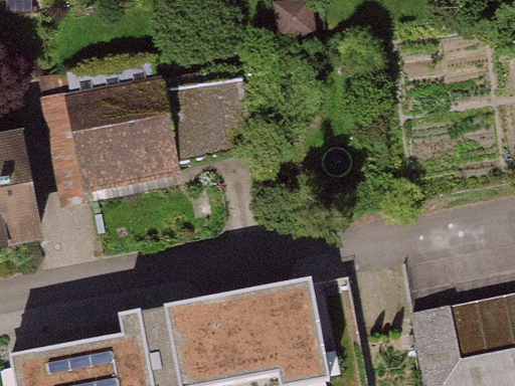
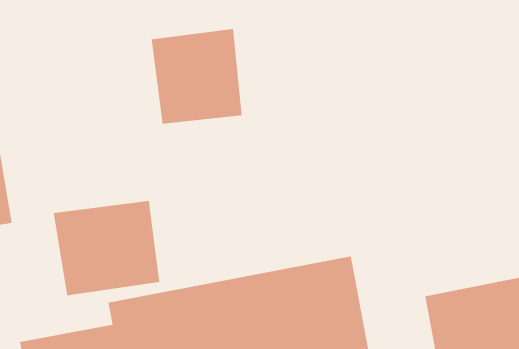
building: [39,72,169,189] -> none
building: none -> [53,200,160,296]

